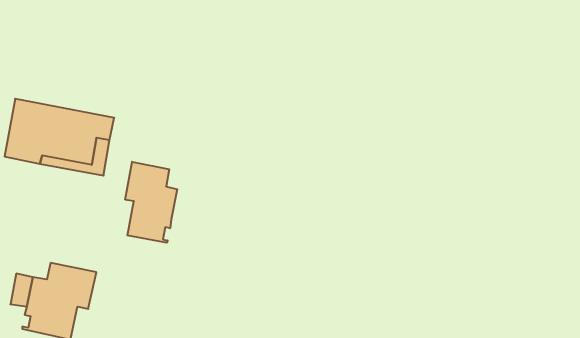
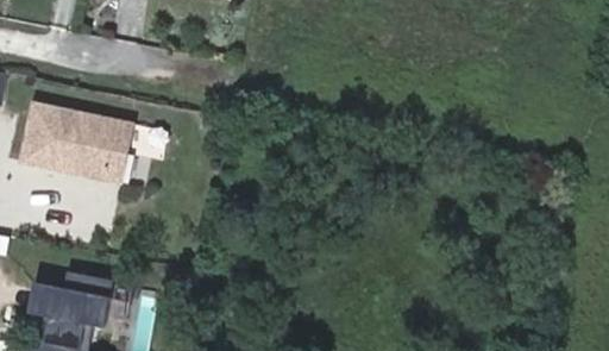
building: [125,162,177,243] -> none

